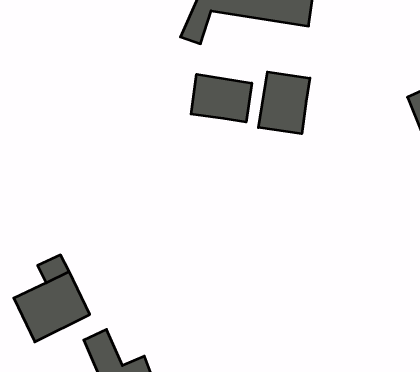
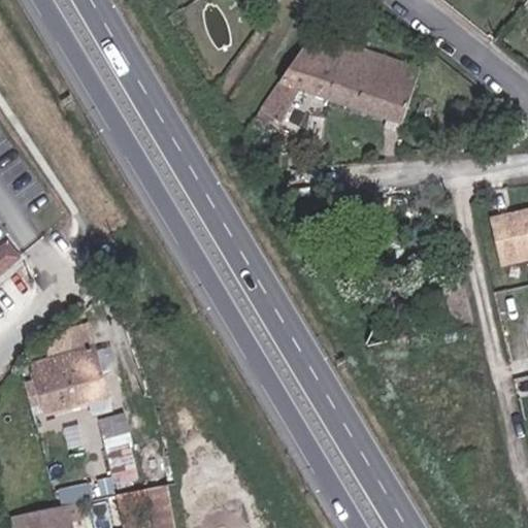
building: [258,72,310,134] -> none
building: [191,74,252,122] -> none

